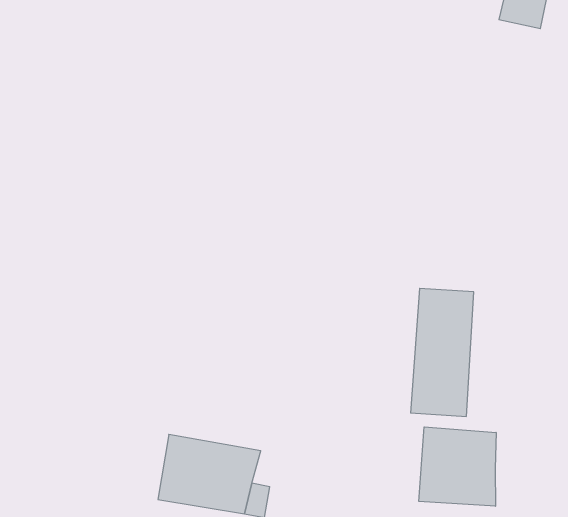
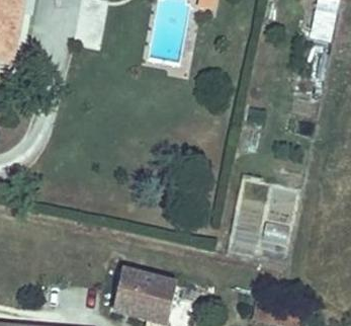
building: [419,427,496,506] -> none

